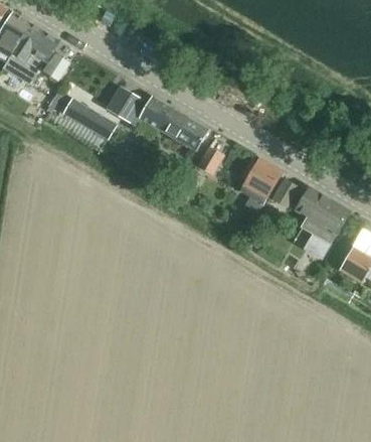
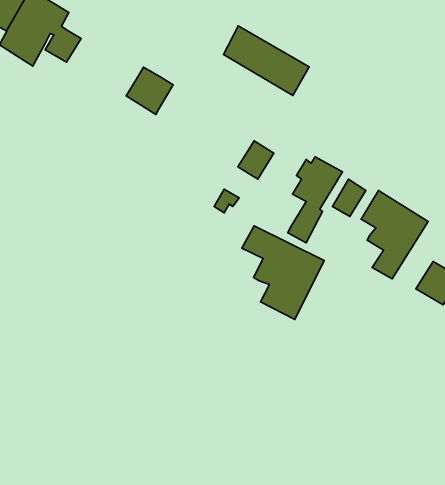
building: [140,95,209,151] -> [223,26,309,95]
building: [62,98,107,134] -> none
building: none -> [242,226,324,319]

